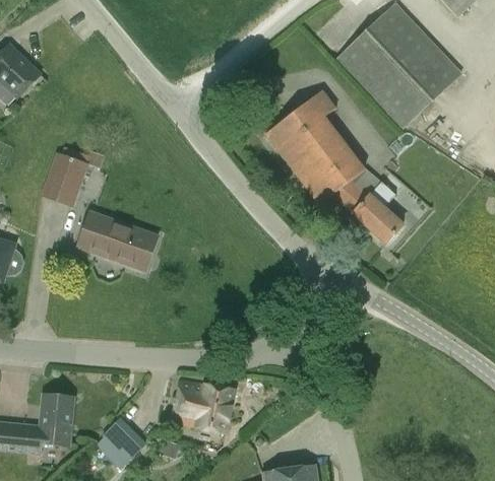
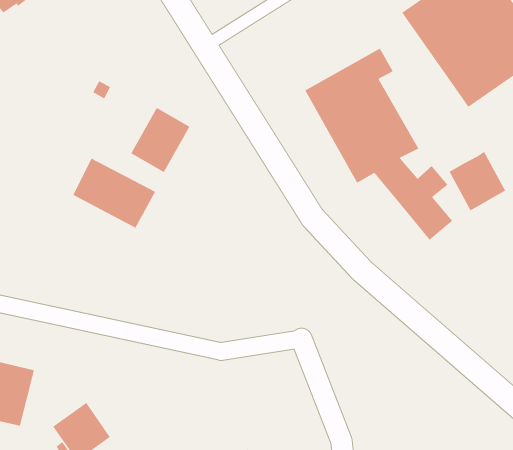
building: [41,150,87,204] -> [130,107,190,173]
building: none -> [448,151,506,211]
building: [173,381,235,432] -> none

